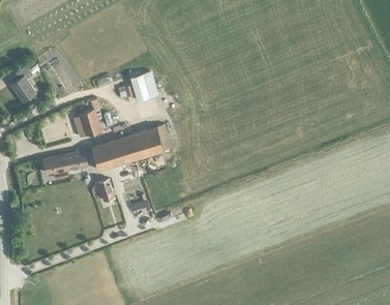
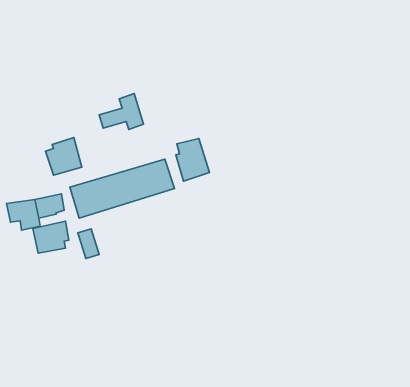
building: none -> [176,138,210,181]
building: none -> [33,221,69,253]

